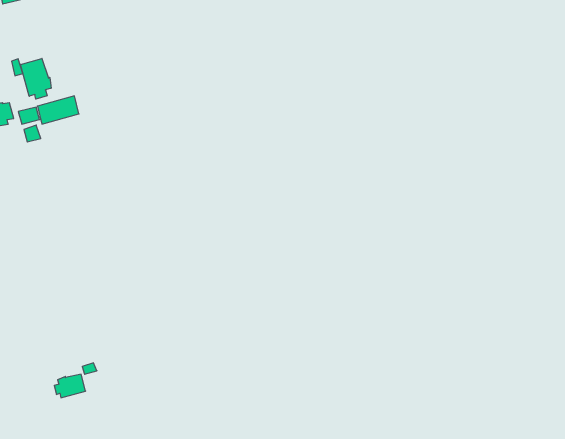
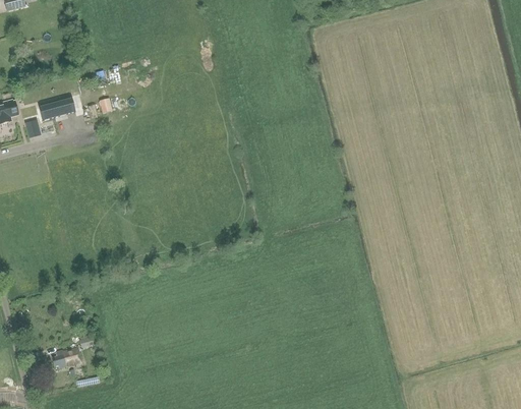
building: [21,58,51,99] -> none

